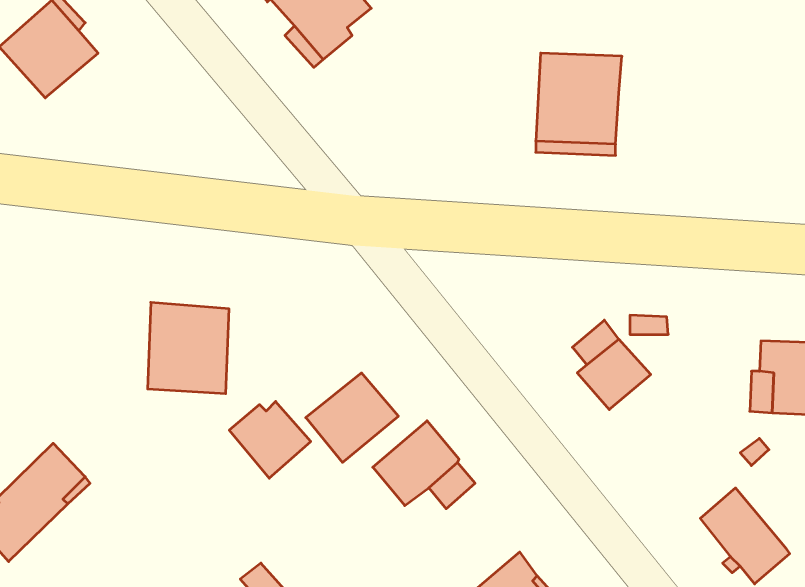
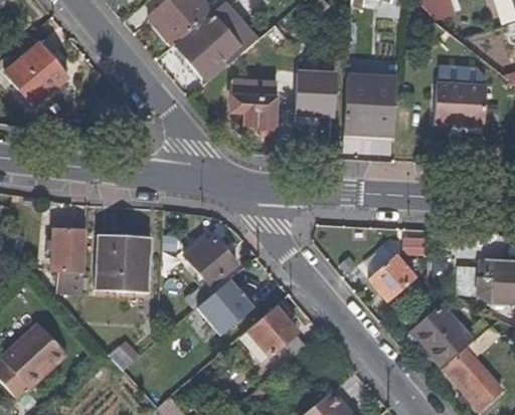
building: none -> [294,71,335,123]
building: none -> [229,81,275,139]
building: none -> [435,82,485,125]
building: none -> [52,224,85,289]
building: [229,401,311,478] -> [185,237,236,285]
building: none -> [412,305,471,363]

